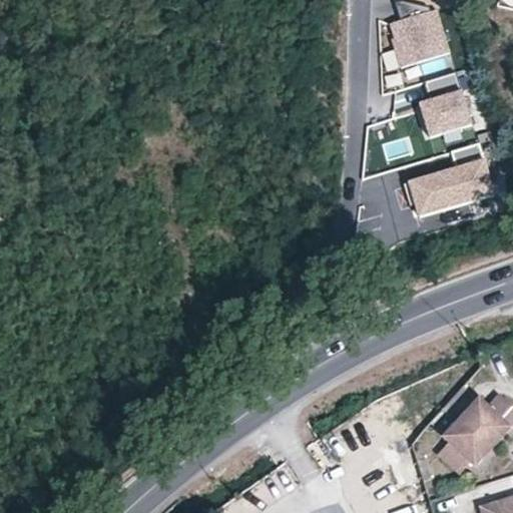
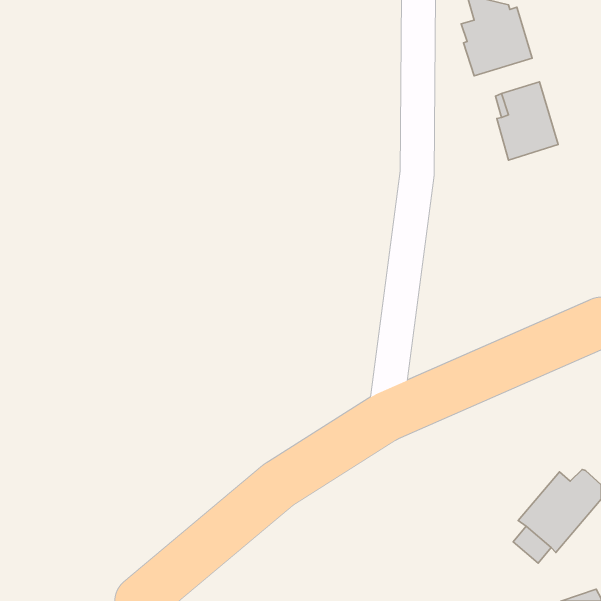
building: [408,144,493,218] -> none

